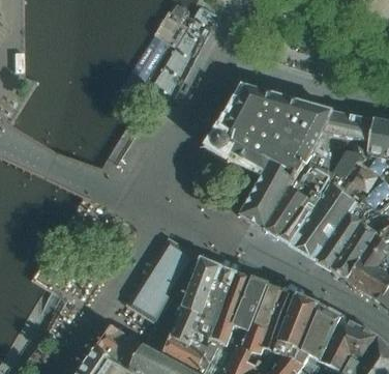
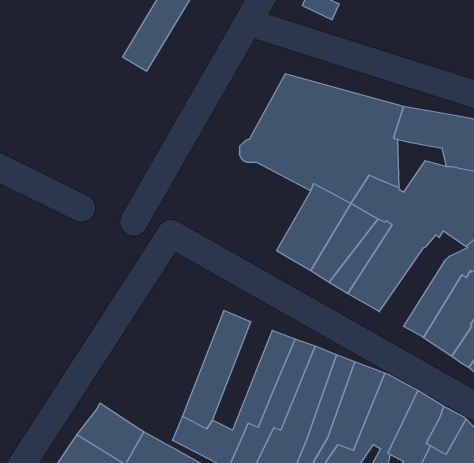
building: [313,211,361,269] -> none
building: [128,237,194,319] -> none
building: [192,266,236,345] -> none

